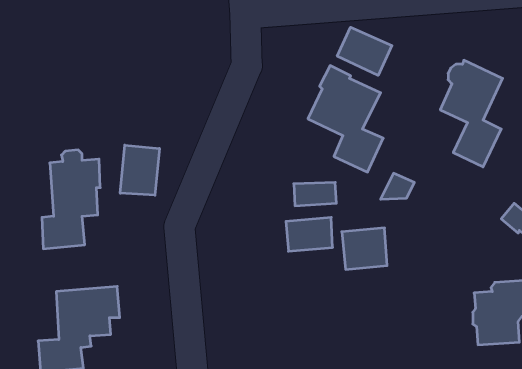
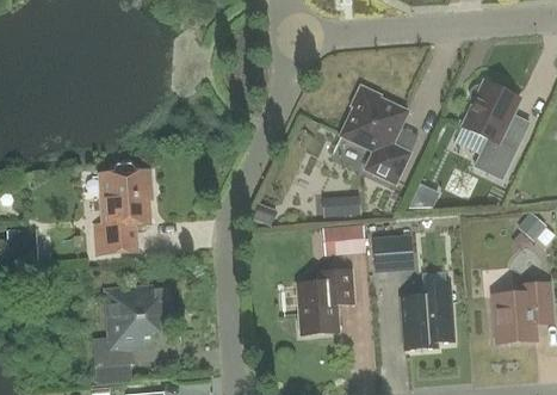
building: [337,27,392,75] -> none
building: [120,145,159,195] -> none
building: none -> [297,269,354,334]
building: none -> [402,285,453,348]

